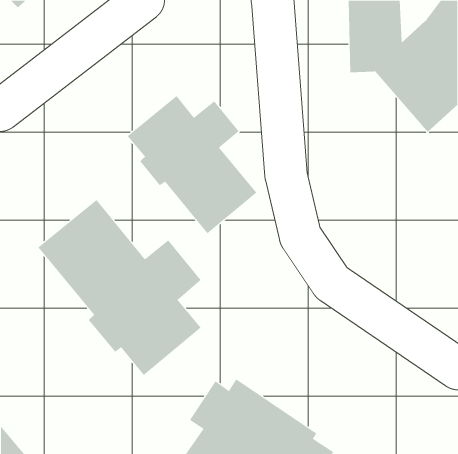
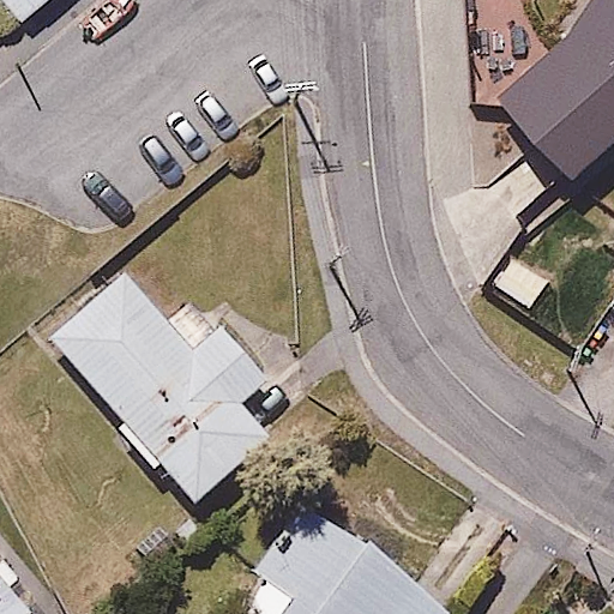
building: [127,95,257,234] -> none

